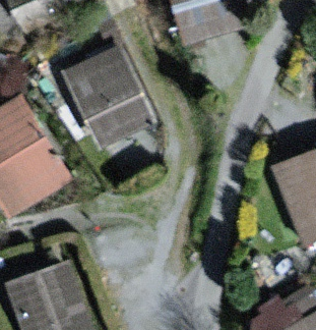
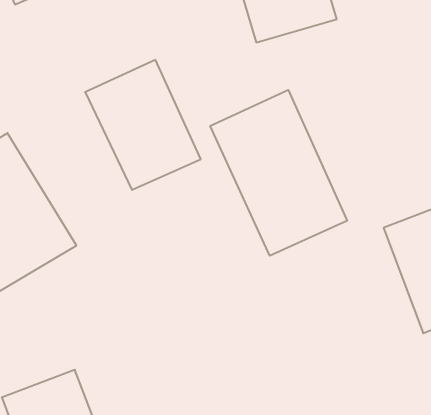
building: none -> [210,90,347,256]

